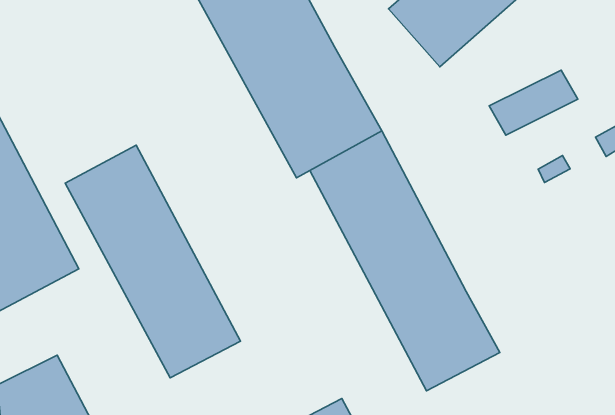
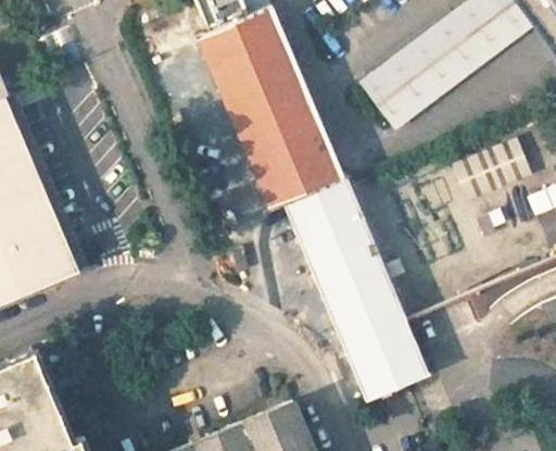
building: [65,145,240,378] -> none

